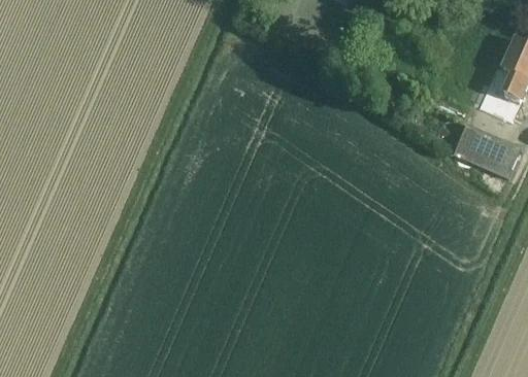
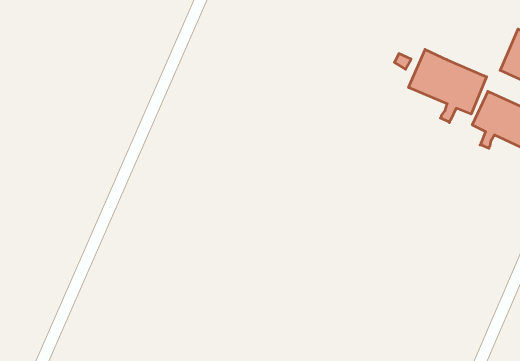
building: none -> [409,49,487,123]

